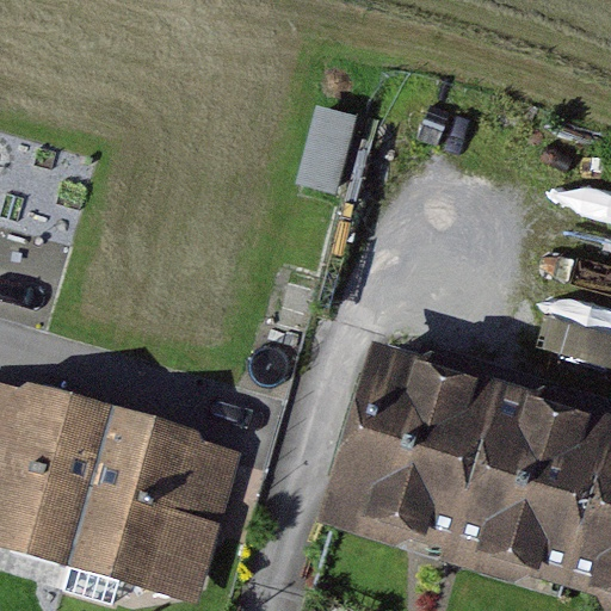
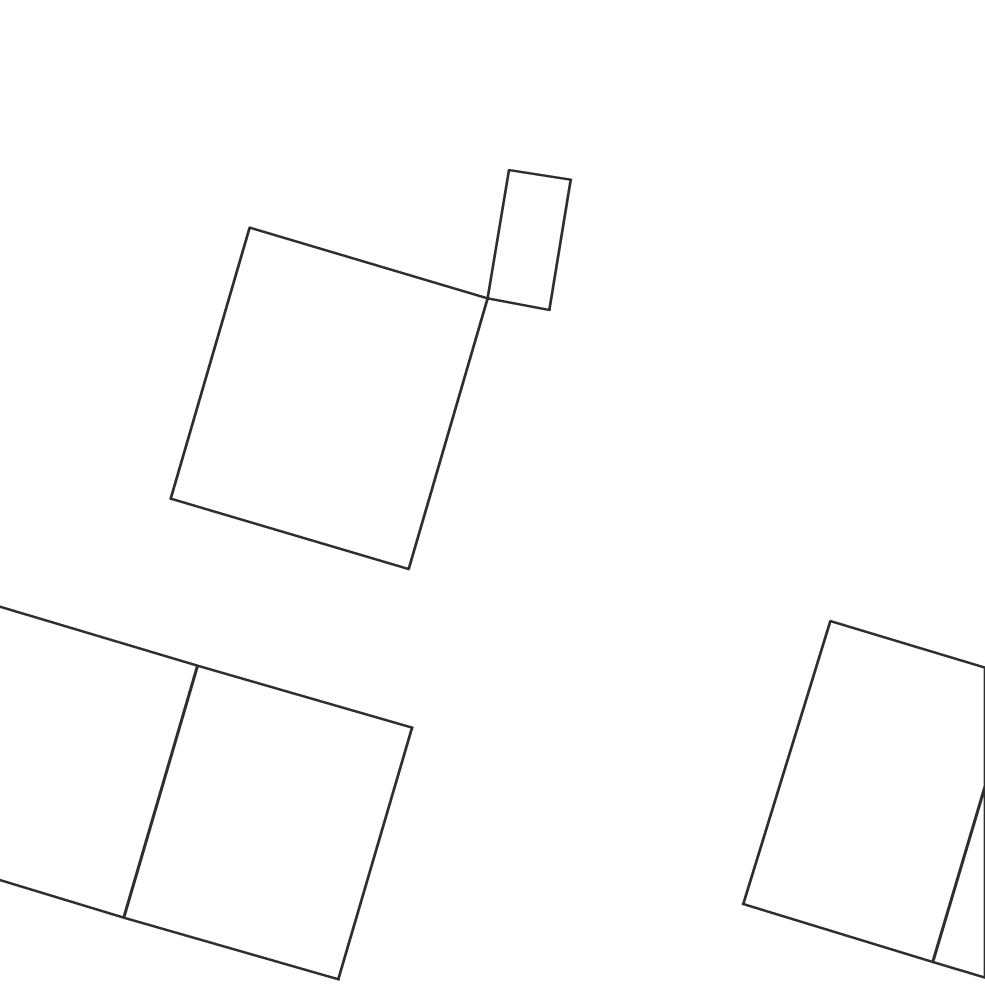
building: none -> [171,228,488,569]
building: [326,342,512,557] -> none

